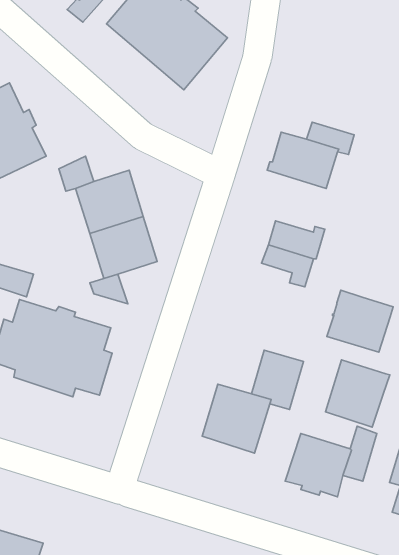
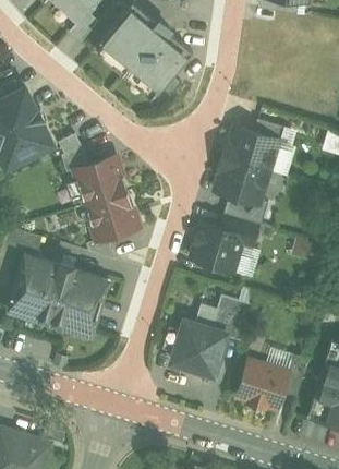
building: none -> [214,156,268,204]
building: [327,290,393,352] -> [191,223,242,270]
building: [326,360,390,427] -> none

